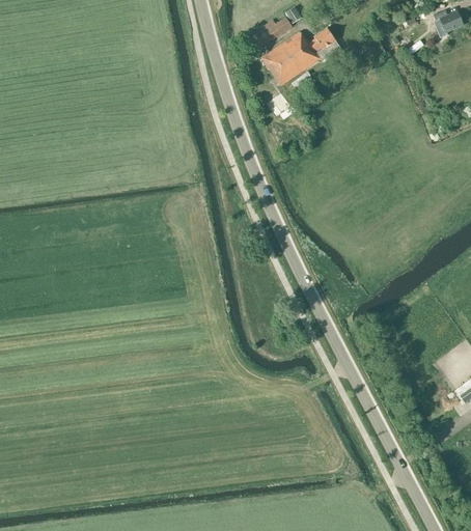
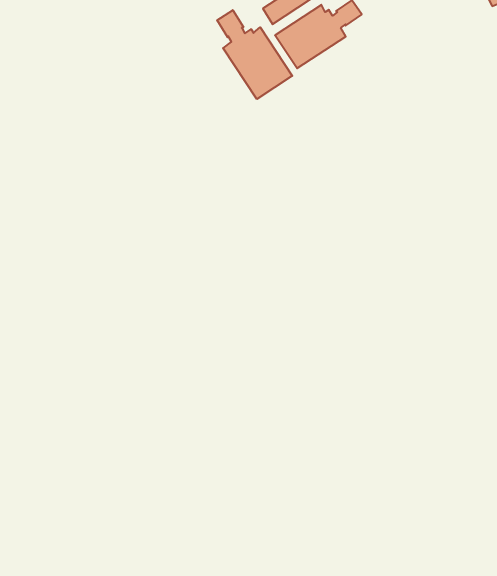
building: none -> [217,10,292,99]

